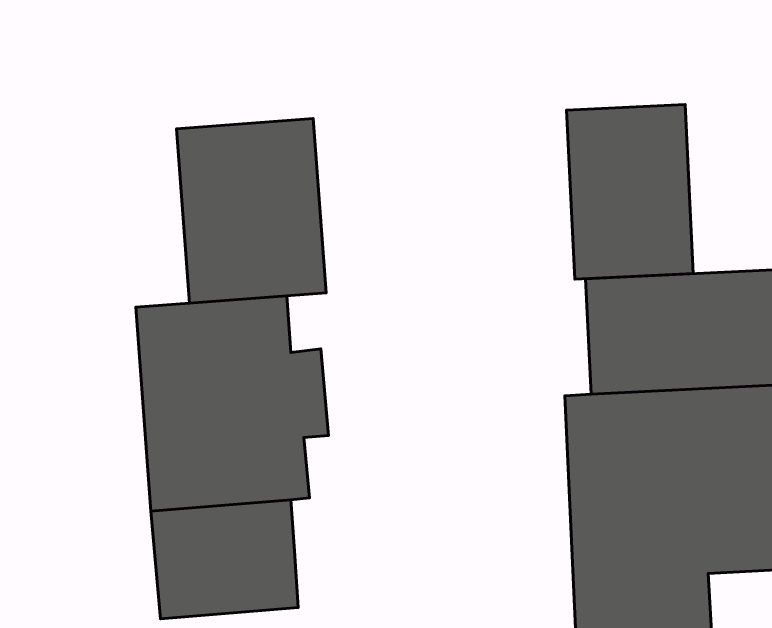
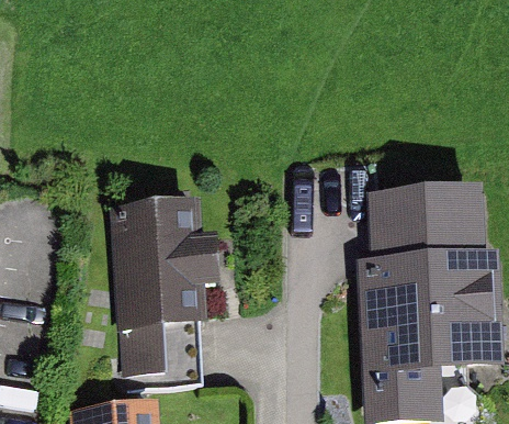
building: [567,104,693,279] -> none
building: [177,119,326,303] -> none

